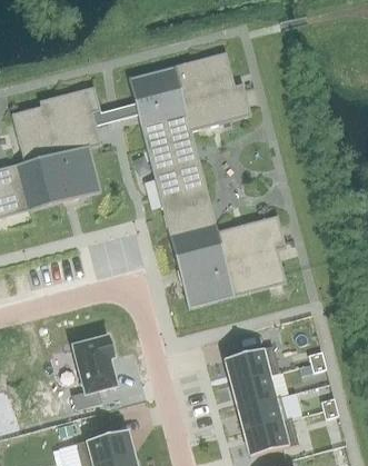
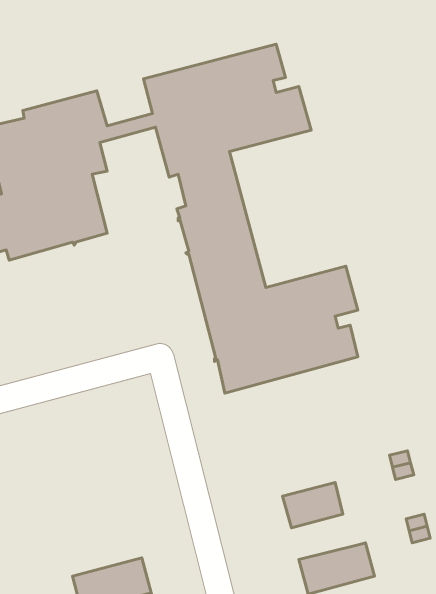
building: [72,336,116,409] -> none
building: [223,346,279,384] -> none
building: [237,396,287,430] -> none

